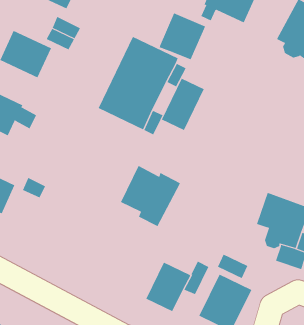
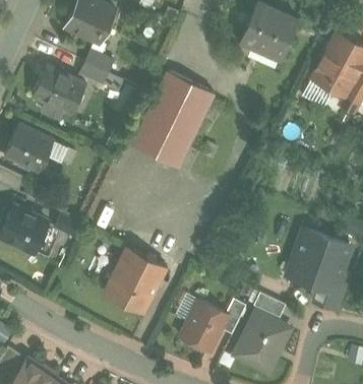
building: [158,12,206,60] -> none
building: [161,78,204,131] -> none
building: [120,165,181,227] -> [106,250,168,313]

